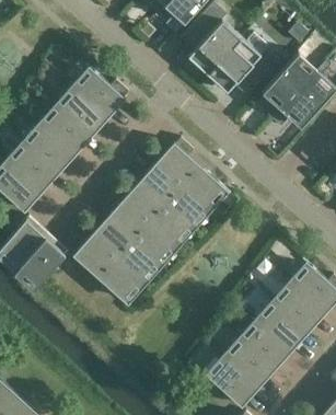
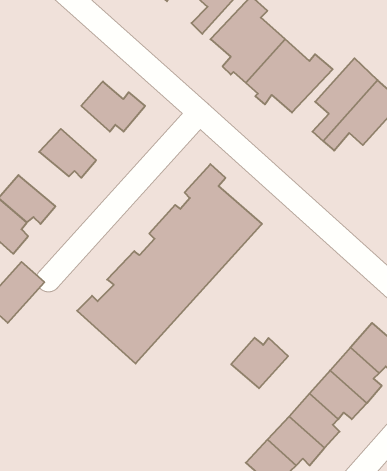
building: [60,91,101,135] -> none
building: [26,128,68,172] -> none
building: [18,233,68,285] -> none
building: none -> [231,338,288,388]

